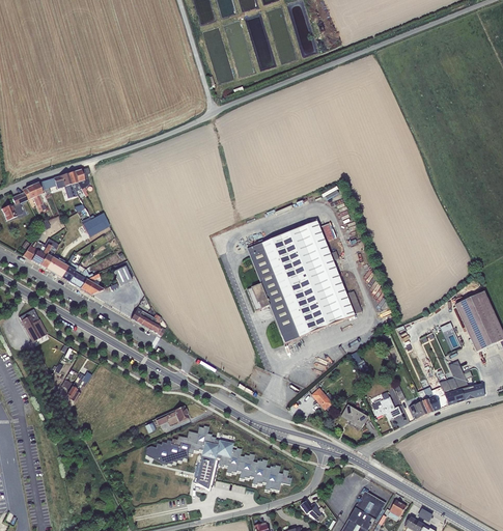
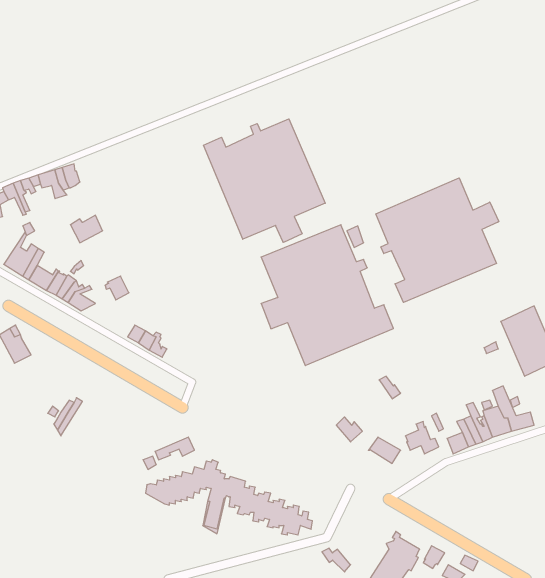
building: none -> [203,119,325,242]
building: none -> [376,178,499,302]

